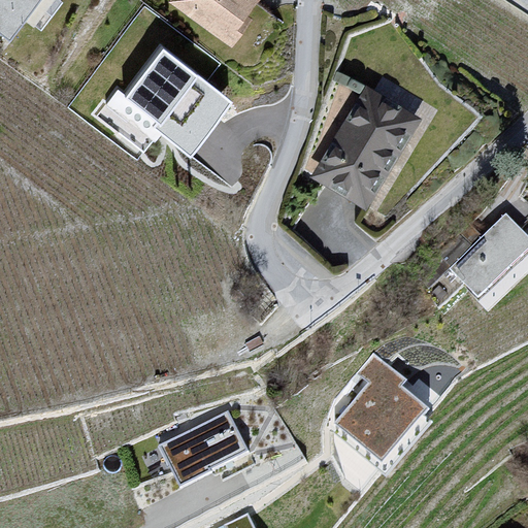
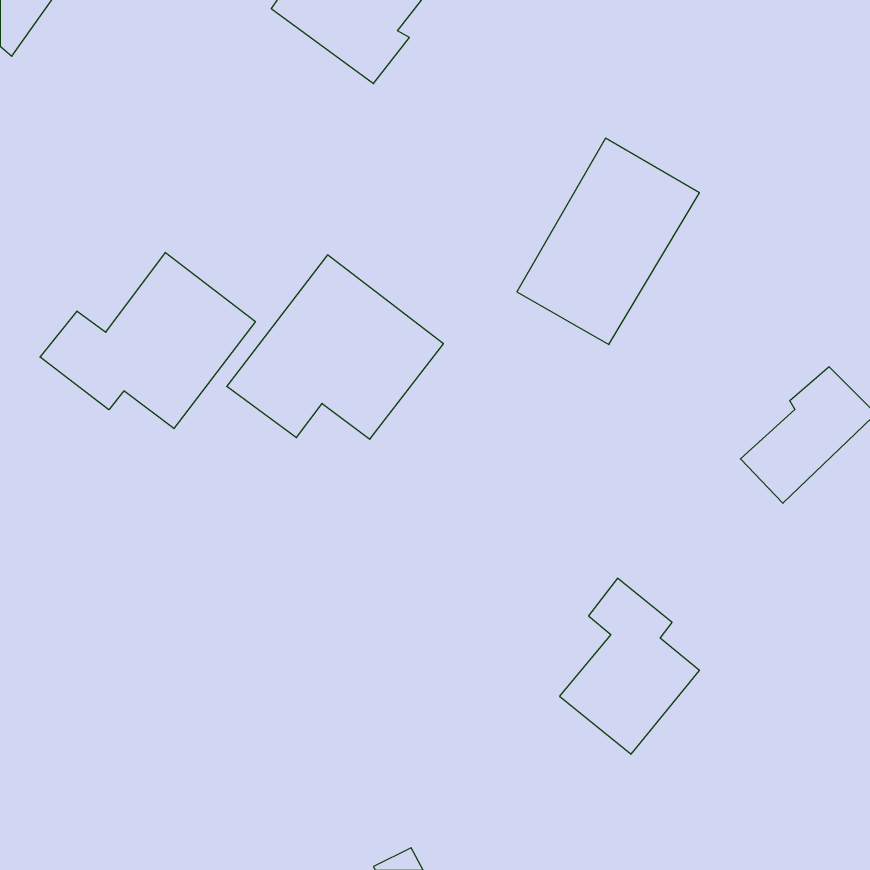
building: [102,38,233,150] -> [227,255,443,439]
building: none -> [40,252,255,429]
building: [162,409,248,482] -> none

